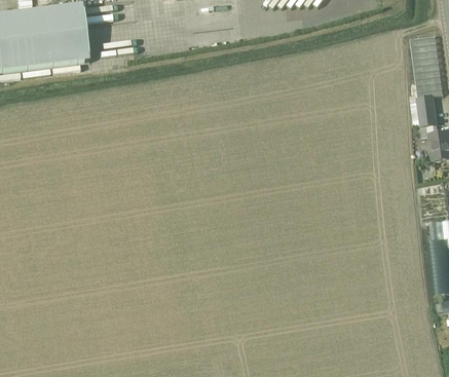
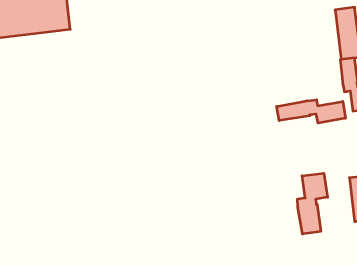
building: none -> [277,100,345,123]
building: none -> [298,173,328,234]

